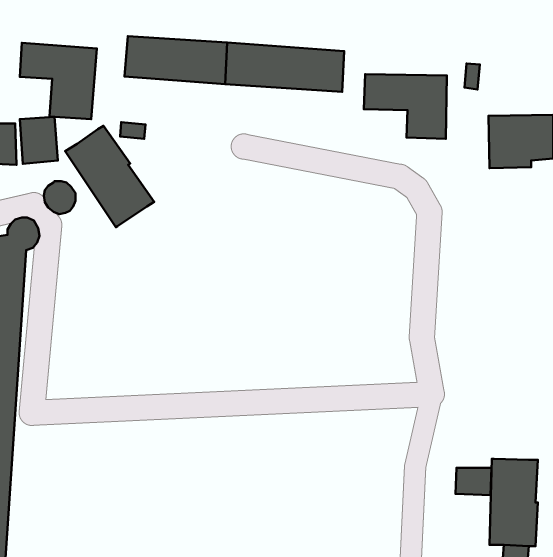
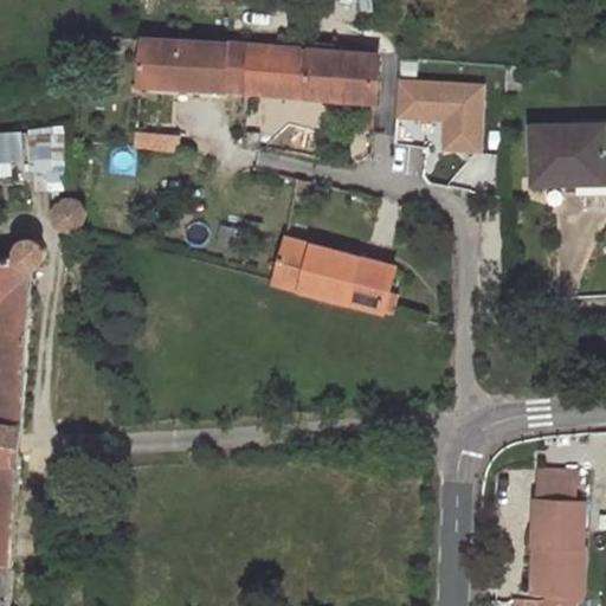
building: [20,43,97,119] -> none
building: [65,126,154,227] -> none
building: none -> [269,239,391,314]
building: [456,468,492,495] -> [535,470,574,499]

